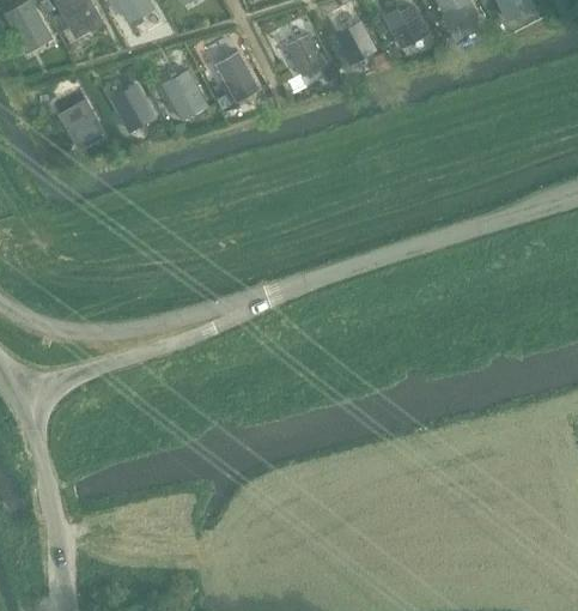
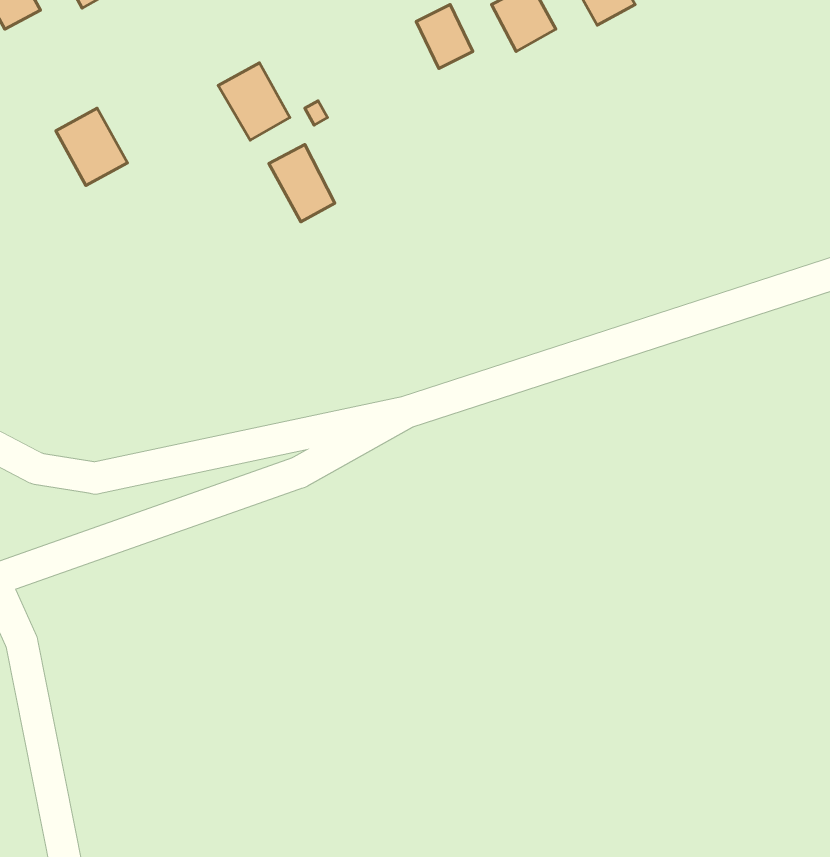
building: [215,52,257,101] -> [269,145,335,222]
building: [112,85,152,128] -> none

